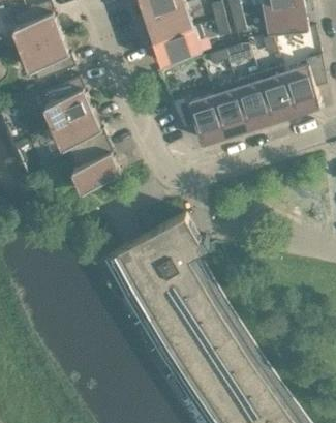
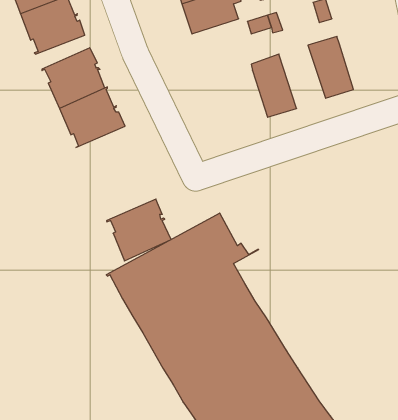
building: [283,55,326,111] -> none
building: [234,74,272,126] -> none
building: [171,95,224,141] -> none
building: [67,141,120,191] -> [107,199,171,261]

